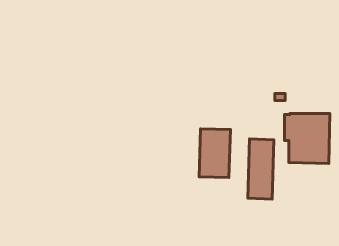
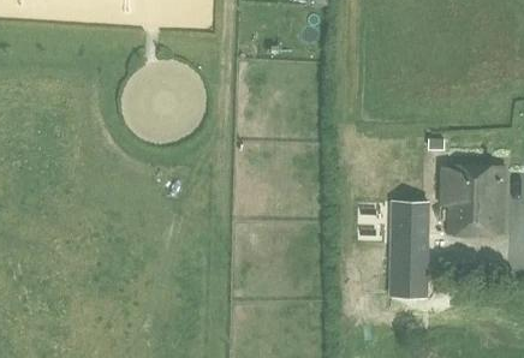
building: [199,129,230,178] -> none

